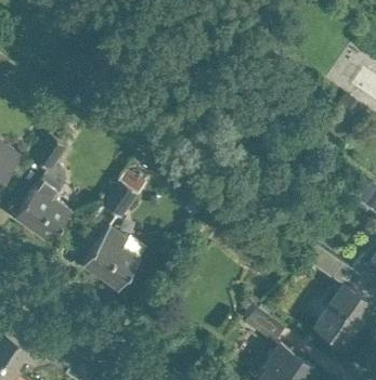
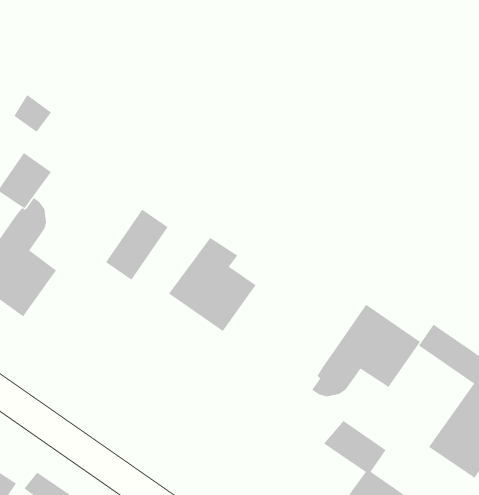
building: [83,230,141,291] -> [168,237,257,332]
building: none -> [311,304,421,397]

